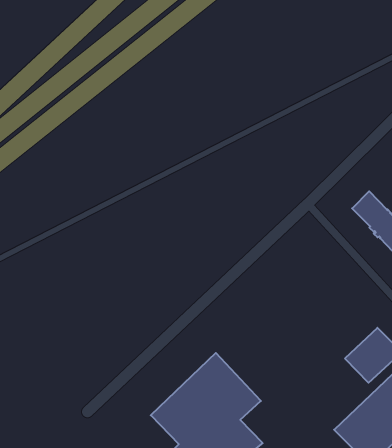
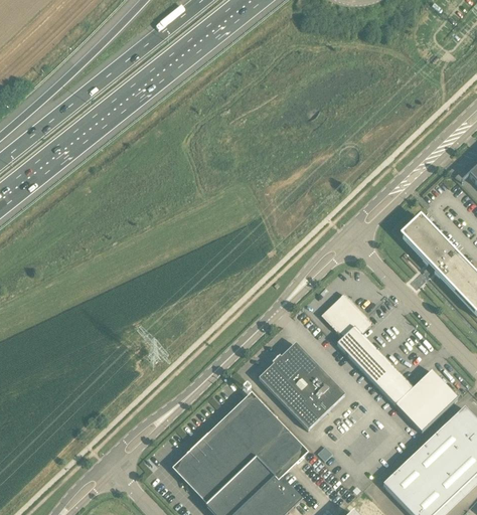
building: none -> [322,292,414,403]
building: none -> [261,343,345,428]

